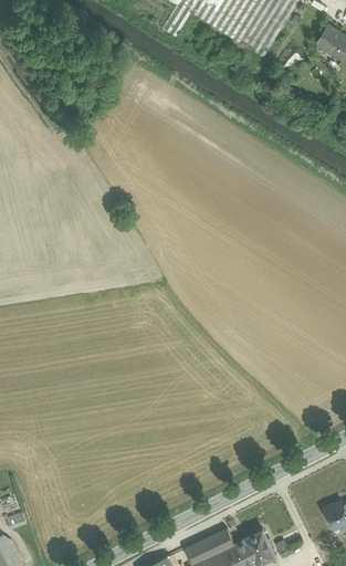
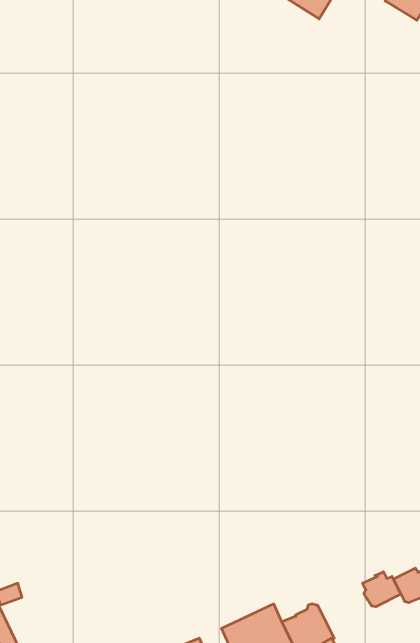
building: none -> [363,572,401,607]

